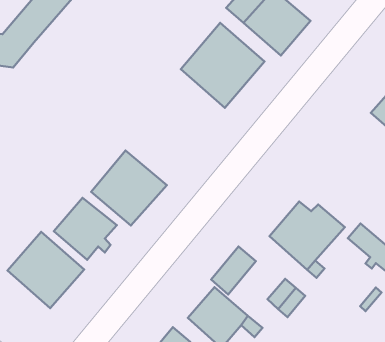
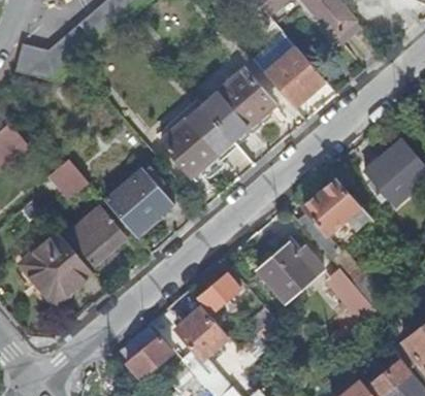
building: none -> [160,106,235,182]
building: none -> [298,177,366,256]
building: none -> [47,158,88,199]

